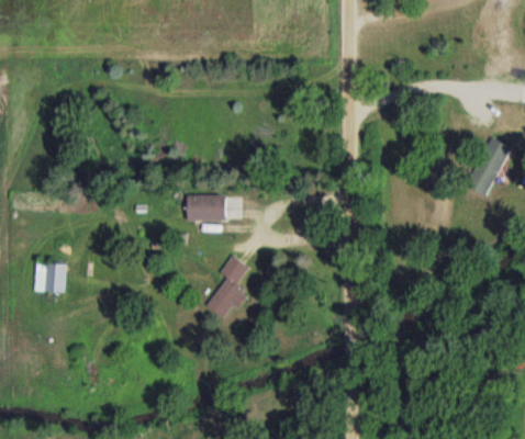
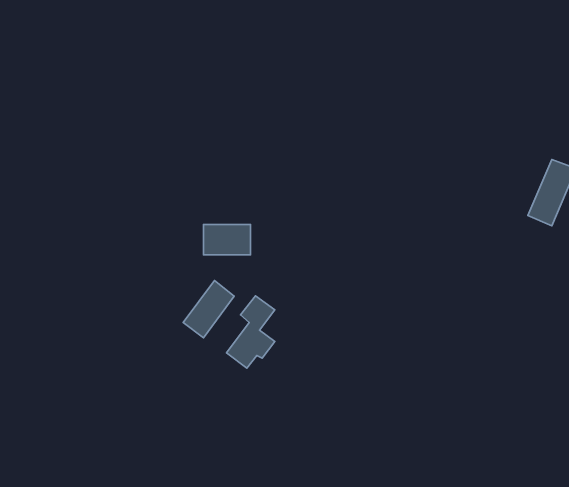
building: none -> [183,280,234,338]
building: [34,261,66,293] -> none

